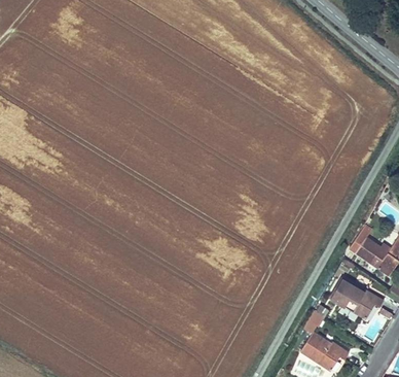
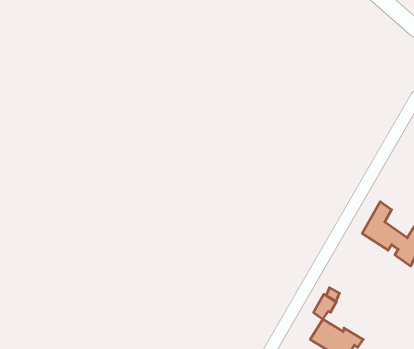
building: [331,280,384,321] -> none

